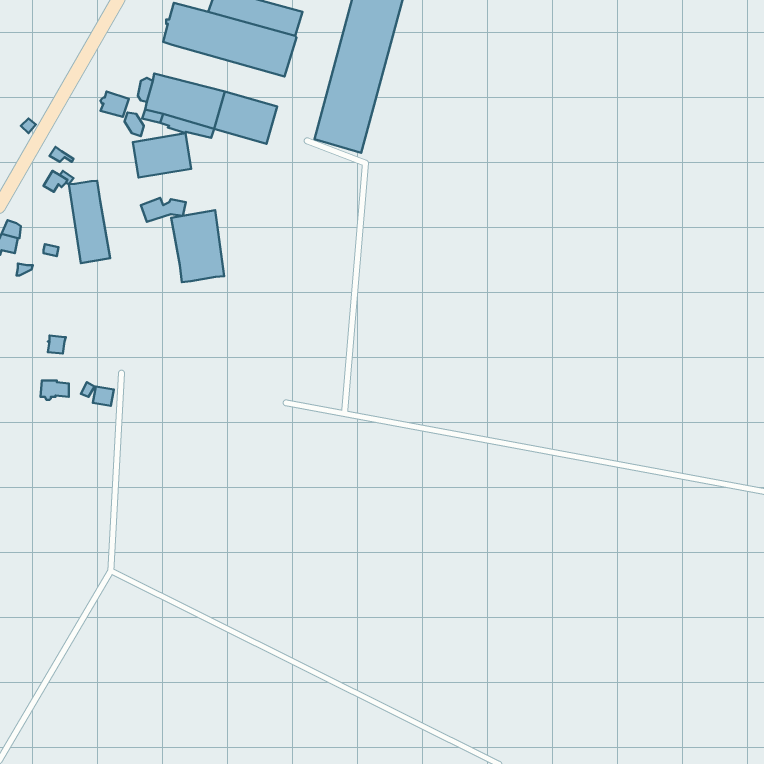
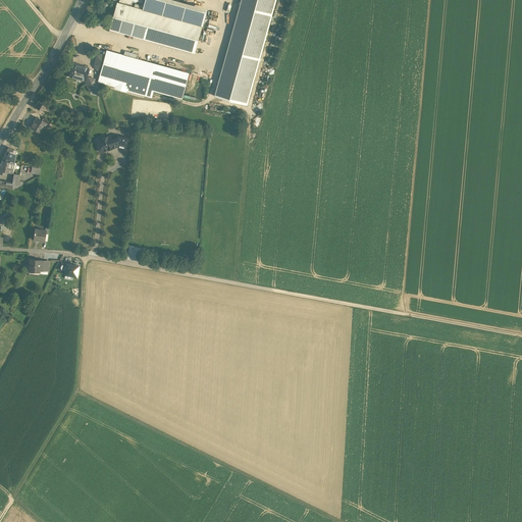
building: [133,133,191,178] -> none
building: [69,181,110,263] -> none
building: [171,210,224,282] -> none

